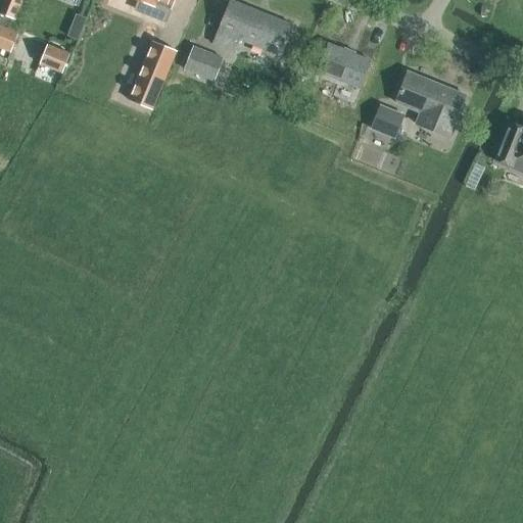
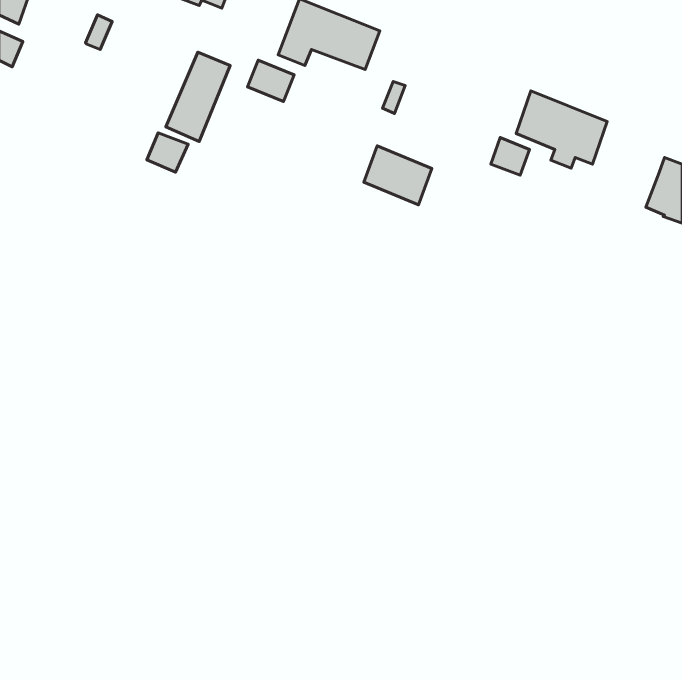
building: [317,42,369,87] -> [364,146,432,205]
building: [39,43,68,72] -> none
building: none -> [147,133,188,172]

